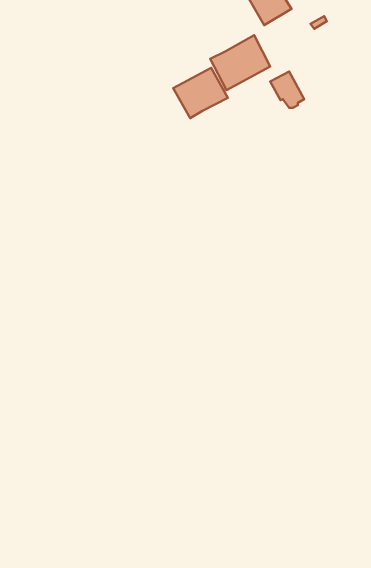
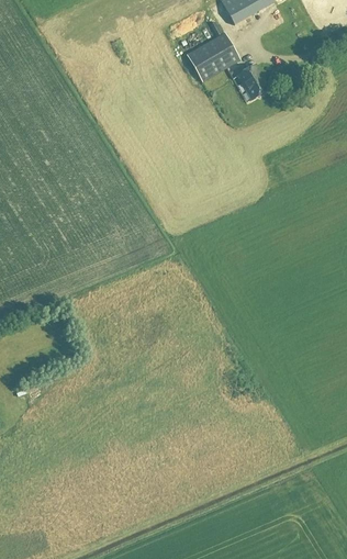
building: [173,68,228,118] -> none

